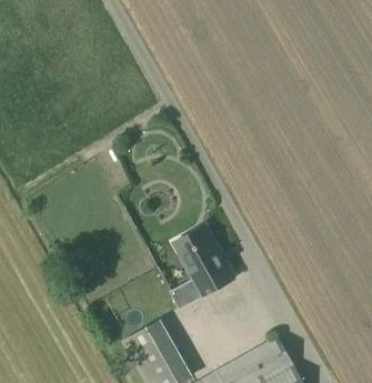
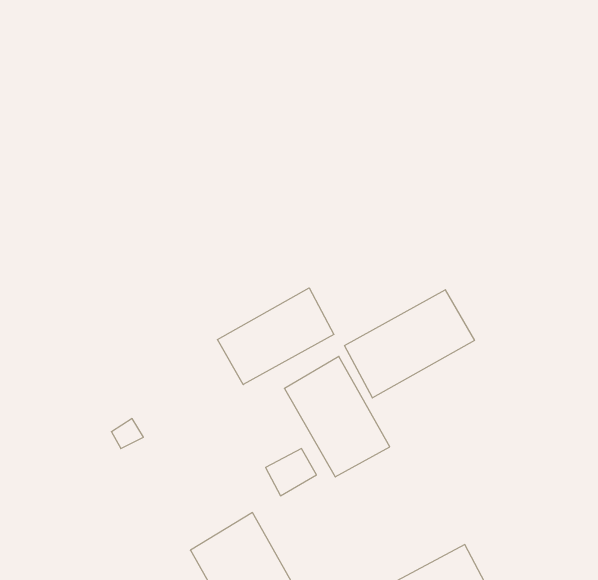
building: none -> [217,288,334,385]
building: none -> [345,290,474,398]

